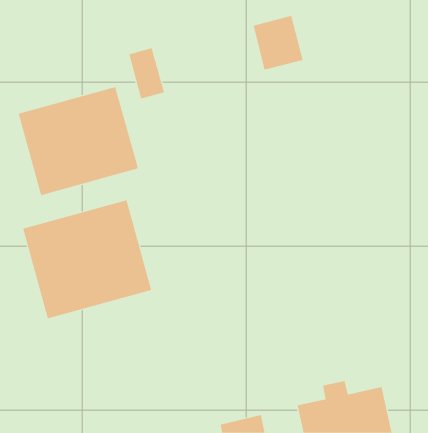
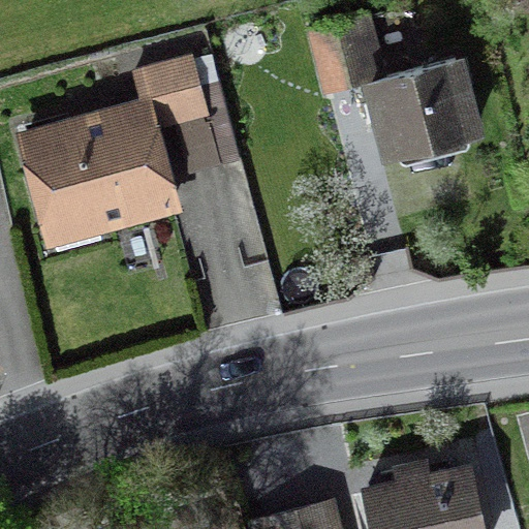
building: none -> [373,60,476,156]
building: [22,200,152,319] -> none

